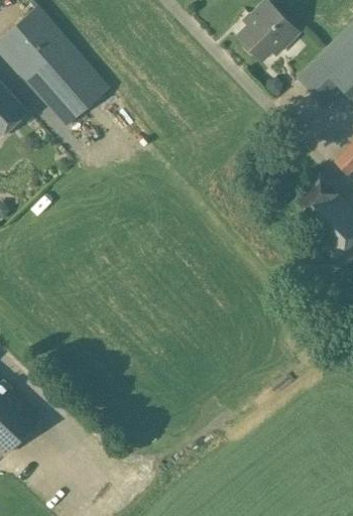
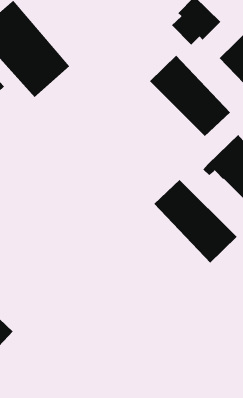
building: none -> [149,55,231,137]
building: none -> [154,179,237,263]

